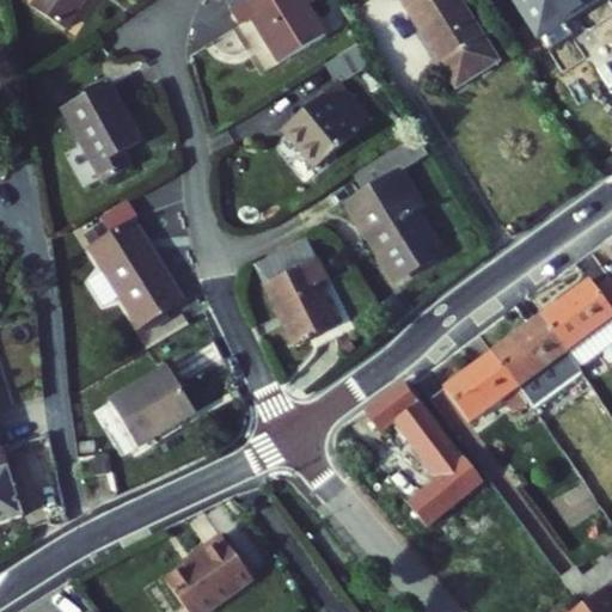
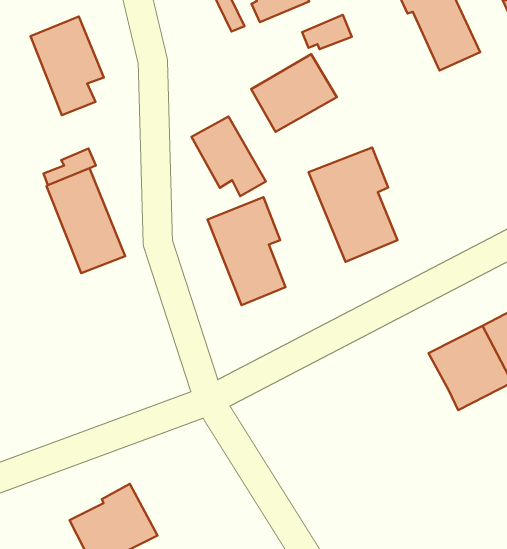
building: none -> [191,116,266,196]
building: [440,357,515,427] -> none
building: [108,373,194,454] -> none
building: [366,379,492,538] -> none

